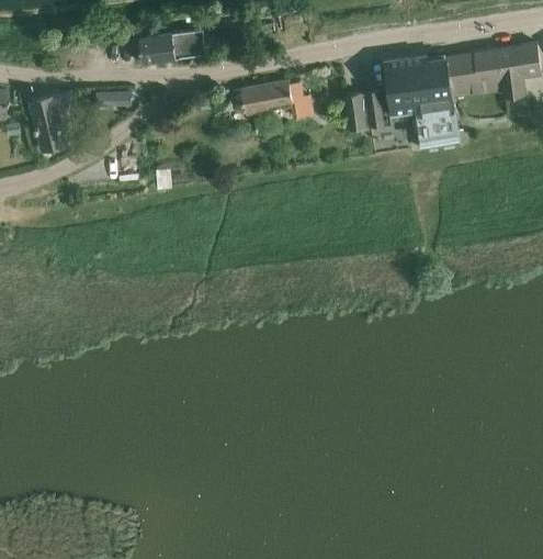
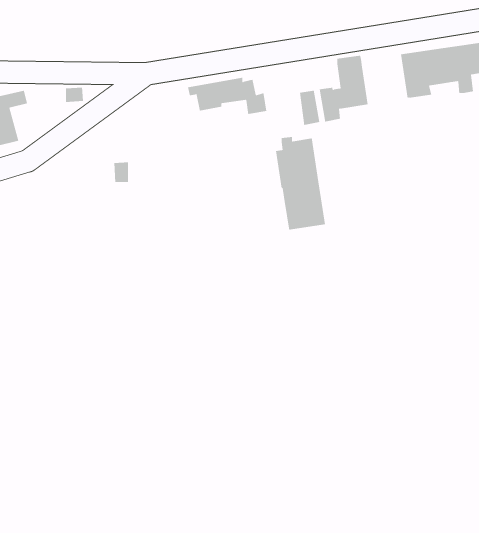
building: [140,31,206,64] -> none
building: [409,56,460,149] -> [275,137,326,230]

